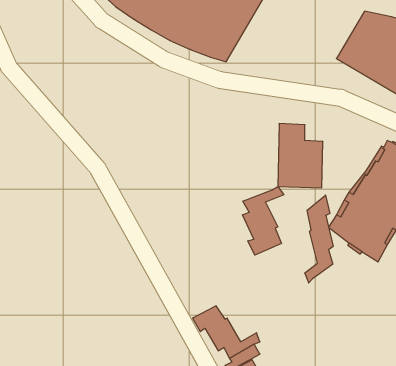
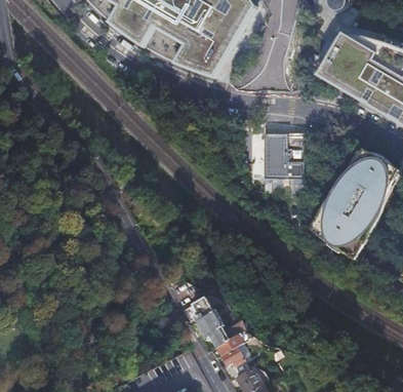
building: [243,187,284,255] -> none
building: [305,195,333,283] -> none

